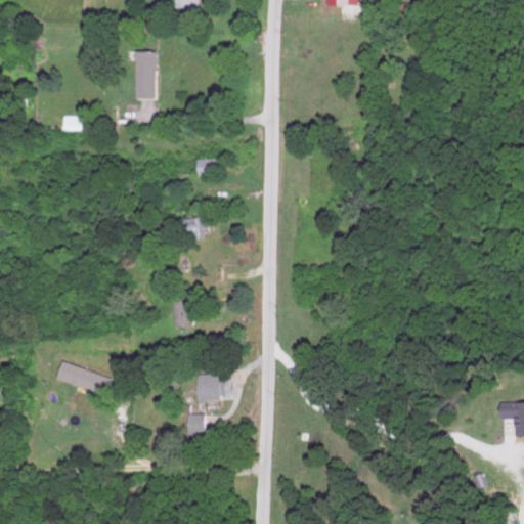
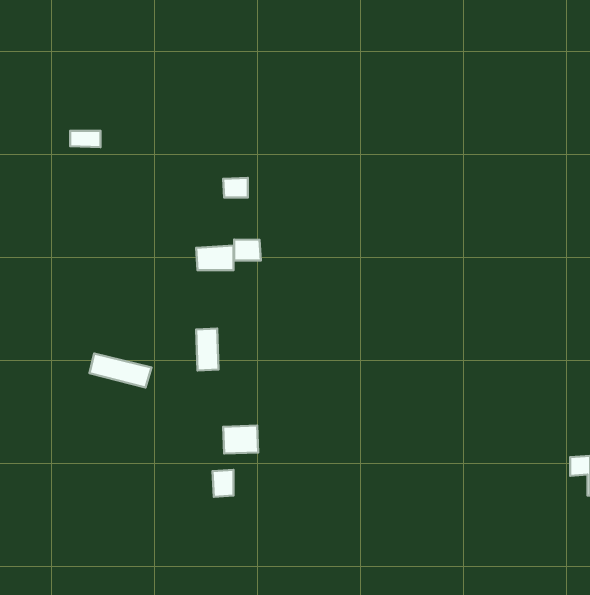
building: [134,50,156,97] -> none
building: none -> [234,240,261,261]
building: [57,363,112,393] -> [90,353,151,387]

